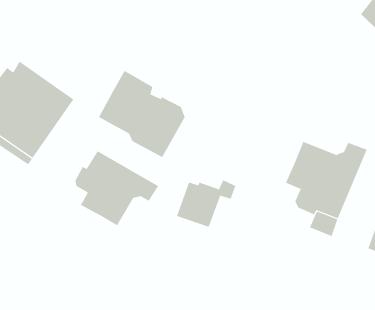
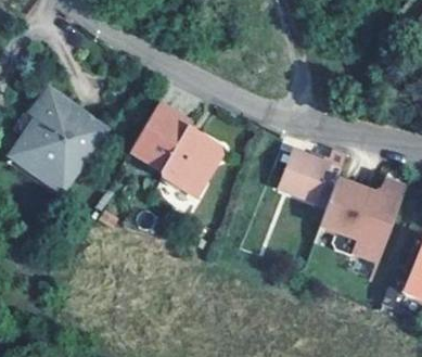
building: [75,150,159,226] -> none
building: [176,180,236,228] -> [279,150,342,200]

